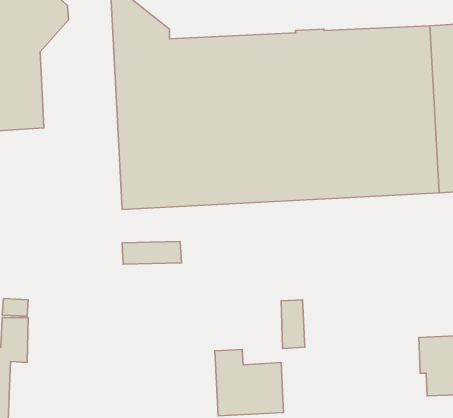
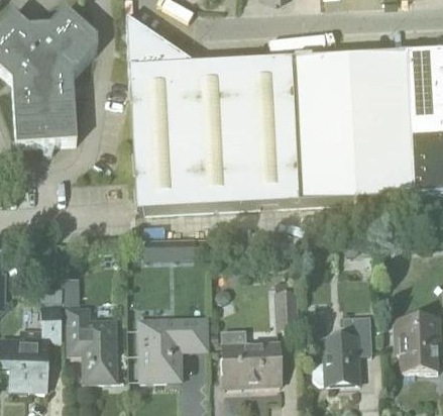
building: none -> [68,308,115,380]
building: none -> [313,315,372,381]
building: none -> [139,318,206,379]

